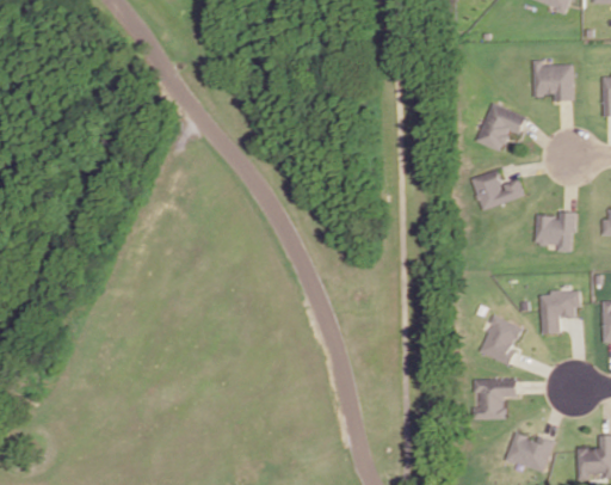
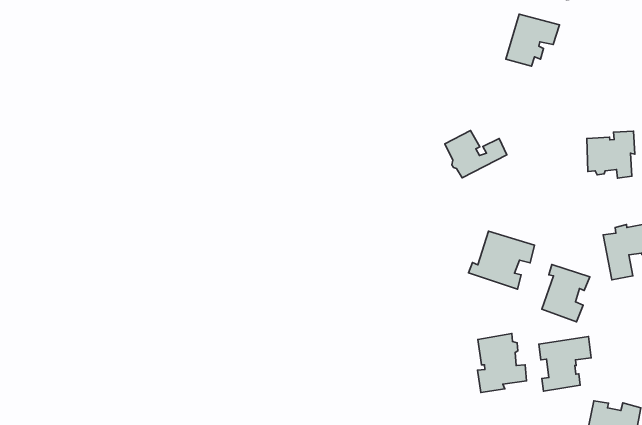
building: [473,171,523,209] -> [445,131,507,178]
building: none -> [469,231,535,289]
building: none -> [477,334,527,392]

